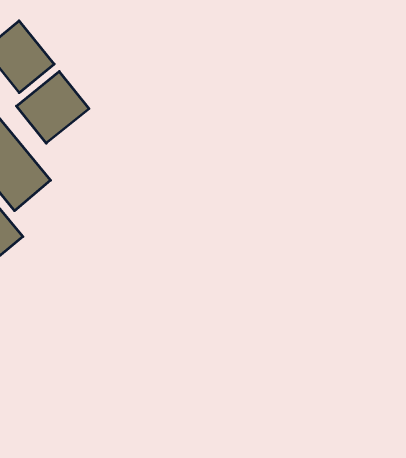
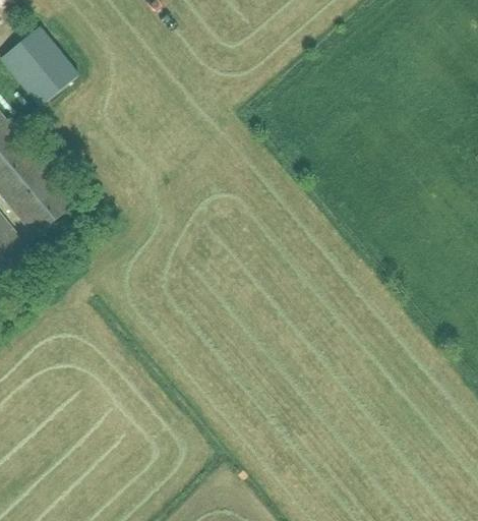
building: [16,71,89,143] -> none

